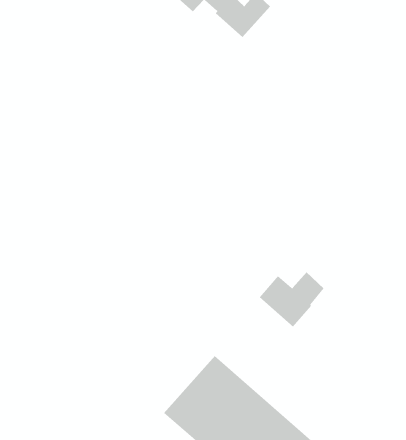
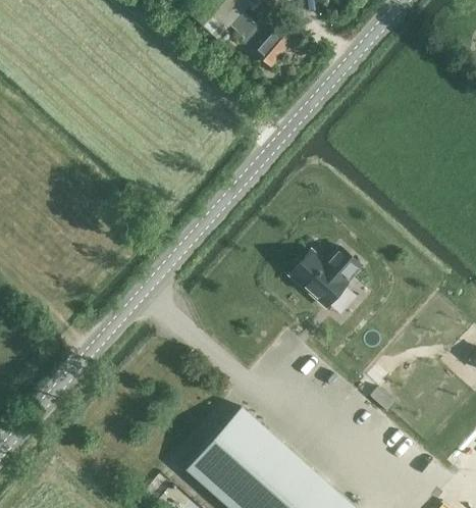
building: [259,271,325,328] -> [290,248,361,308]

